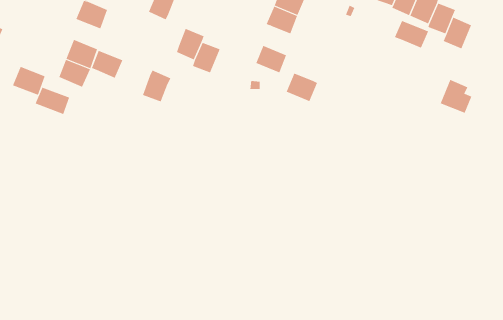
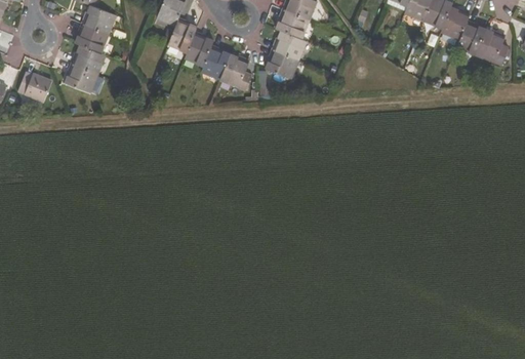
building: [394,20,429,49] -> none
building: none -> [219,54,252,89]
building: [91,50,123,78] -> [75,24,108,52]
building: [142,70,171,102] -> [167,18,197,51]
building: [286,73,318,102] -> [273,31,306,61]
building: [440,79,472,113] -> [476,30,509,65]
building: [35,87,70,115] -> none

